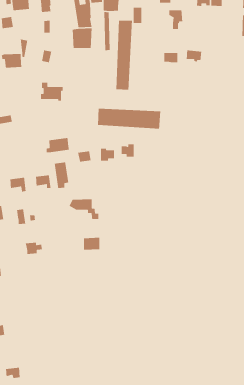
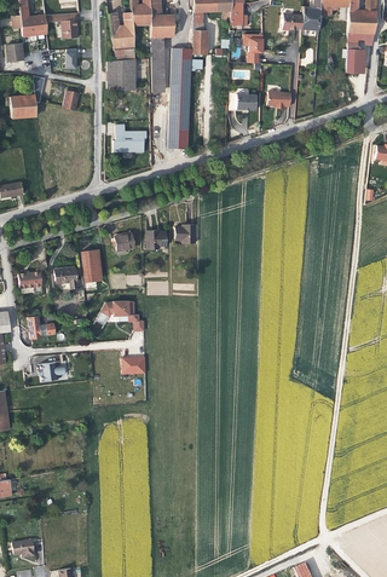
building: [40,82,63,102] -> [114,125,146,152]
building: [97,108,161,130] -> none
building: [46,137,70,153] -> none

